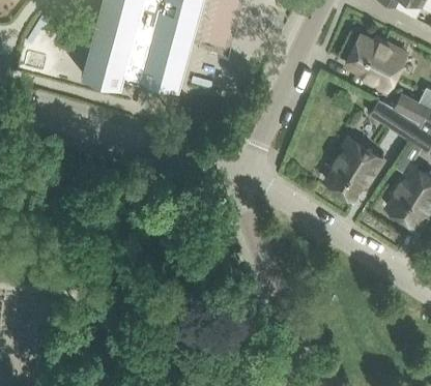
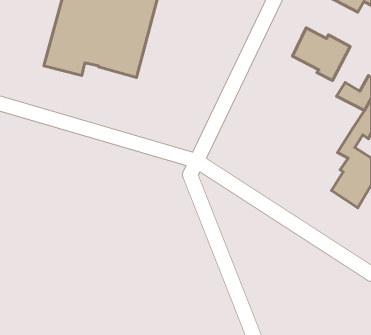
building: [368,100,423,142] -> none
building: [326,138,384,200] -> none

